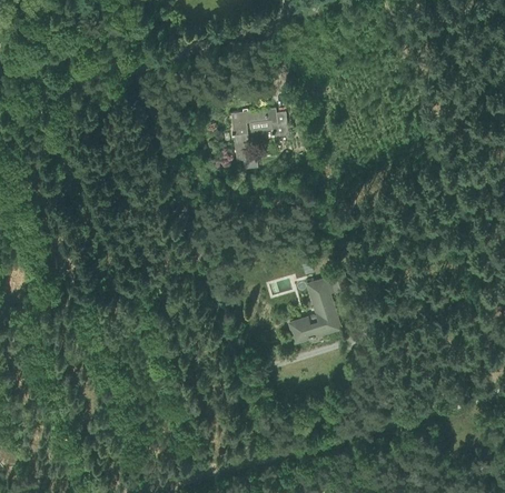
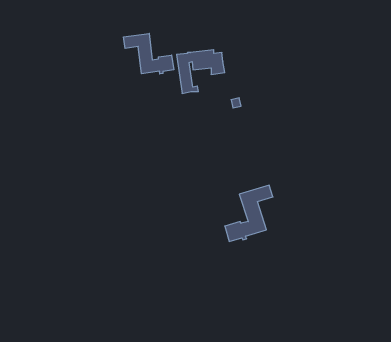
building: none -> [124,33,174,74]

